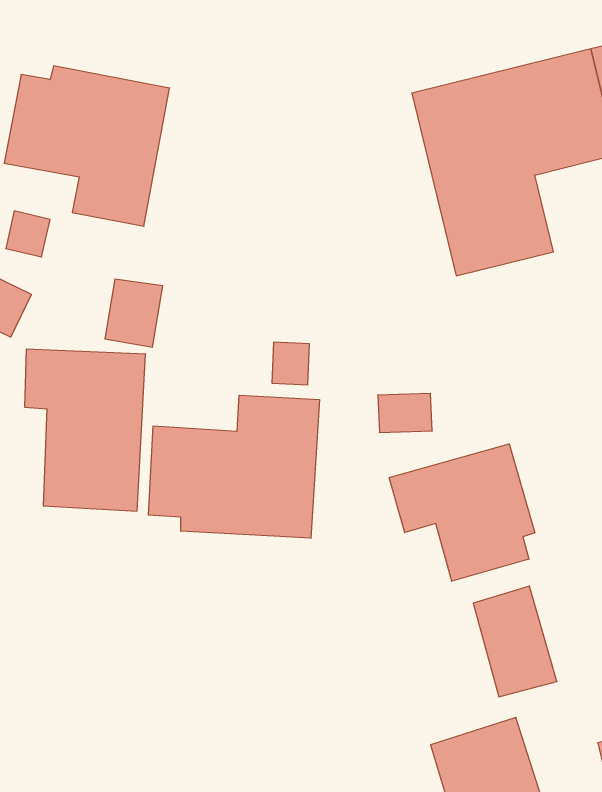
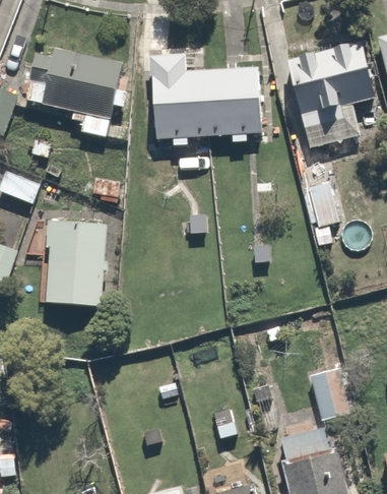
building: none -> [147,52,263,145]
building: [148,395,319,538] -> none
building: [389,444,535,581] -> none

